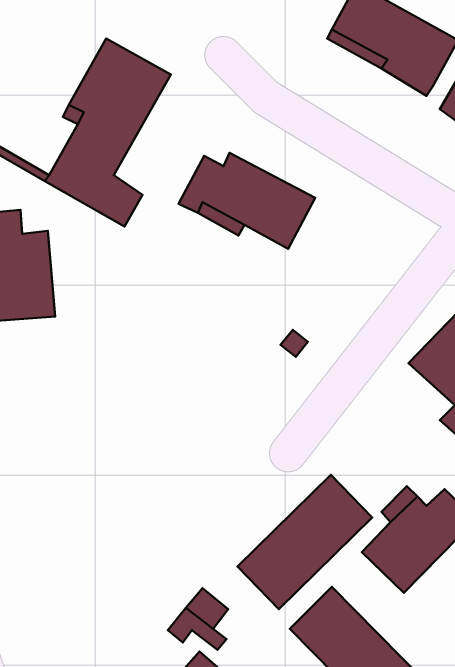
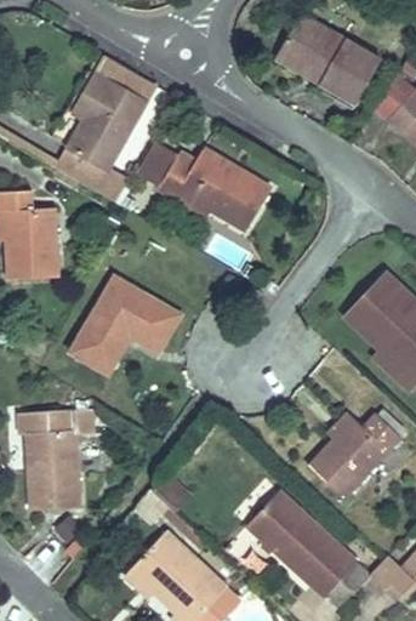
building: none -> [68,275,181,375]
building: [238,475,372,609] -> none
building: none -> [25,411,89,509]

